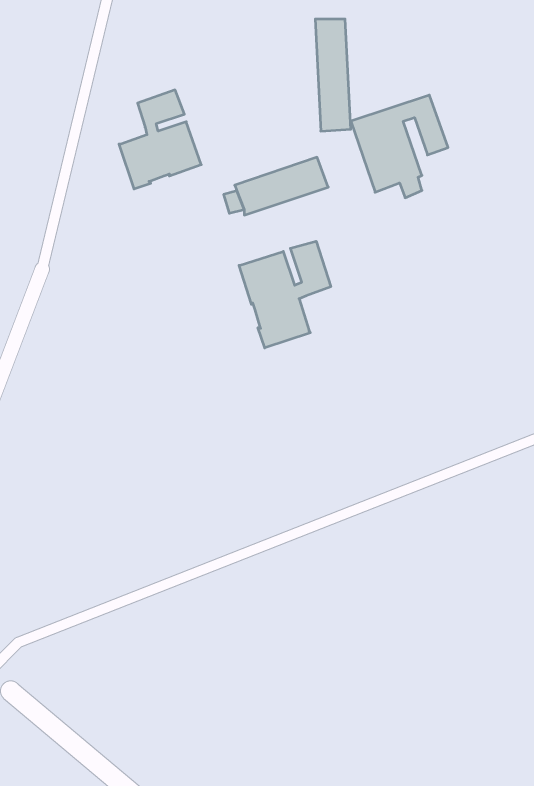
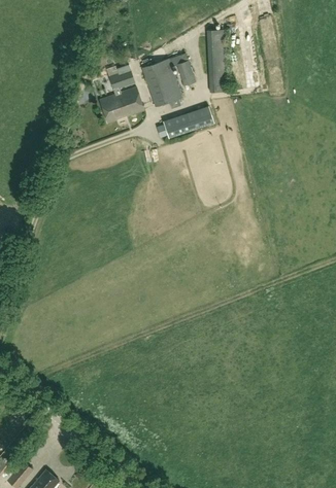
building: [351,95,448,198] -> [142,53,196,109]
building: [239,241,331,348] -> none

